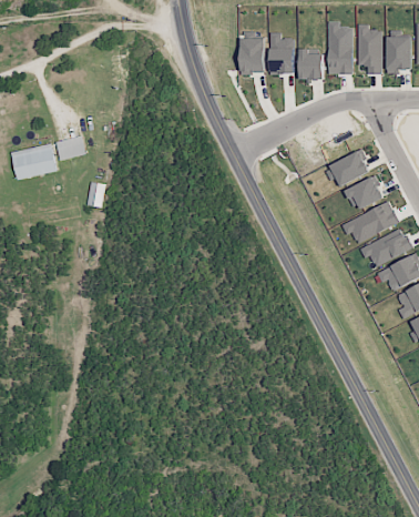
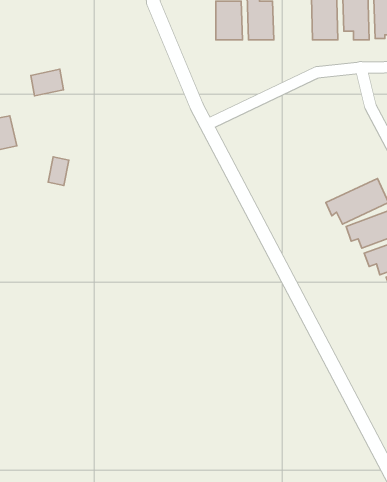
building: [299,49,324,79] -> none
building: [55,135,85,160] -> [31,69,63,96]
building: [326,151,369,187] -> none
building: [345,175,382,210] -> none

